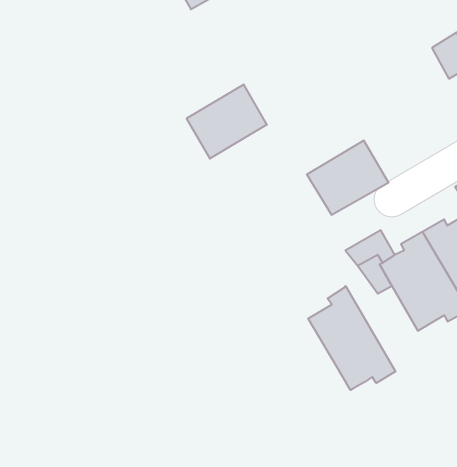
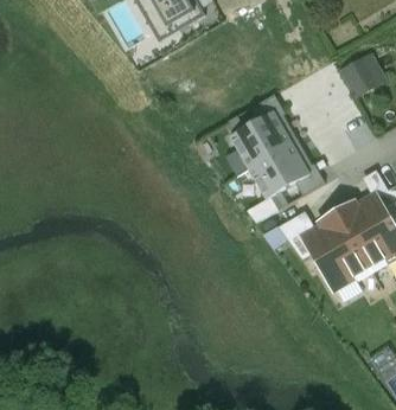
building: [187,84,267,159] -> [230,111,292,168]
building: [308,286,395,390] -> none

